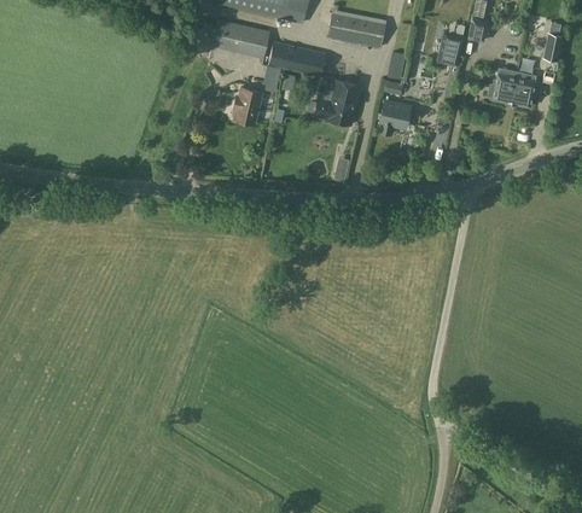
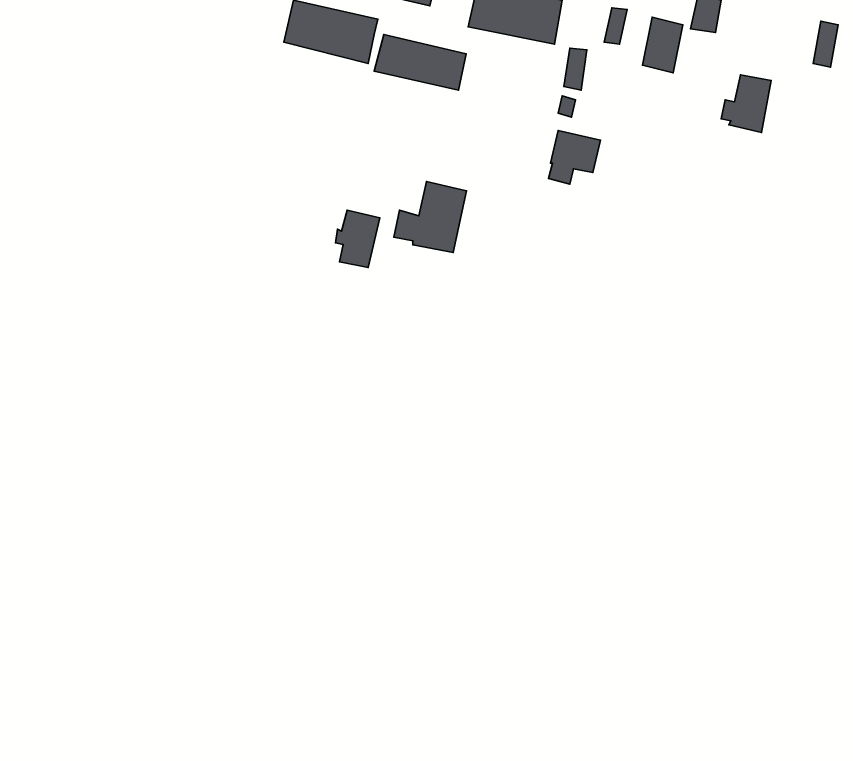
building: [512,70,539,106] -> none
building: [314,80,360,124] -> [394,181,467,252]
building: [234,88,262,124] -> [336,210,380,268]

